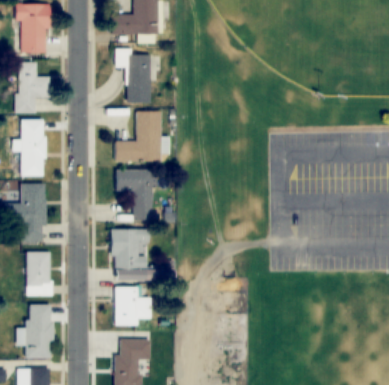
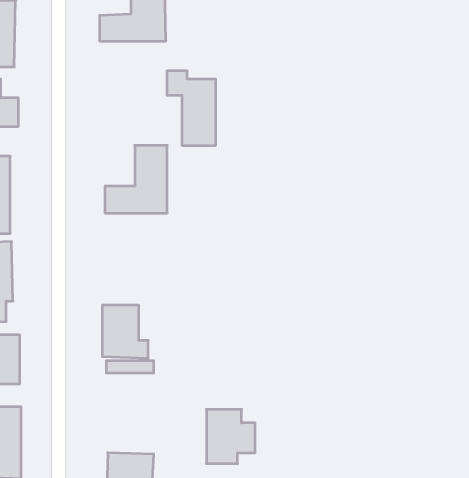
building: [115,48,151,103] -> [167,71,216,145]
building: [115,170,156,219] -> none
building: [114,286,150,326] -> [206,409,255,464]

